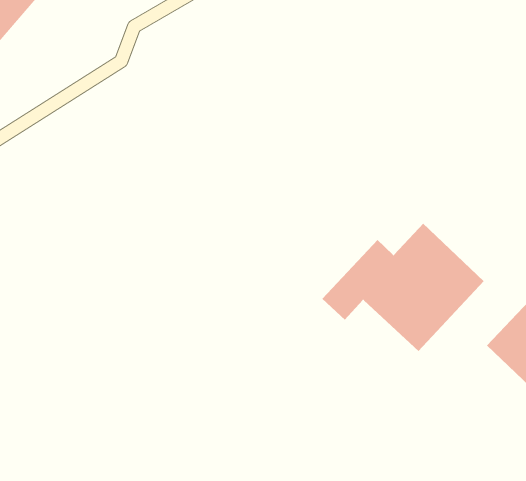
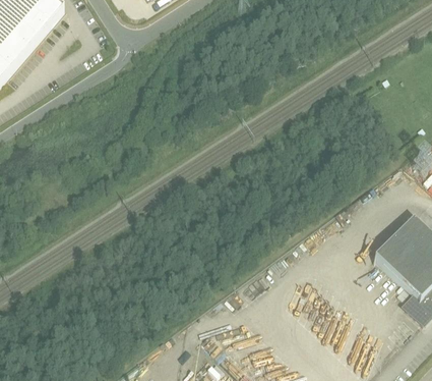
building: [322,223,484,352] -> none

